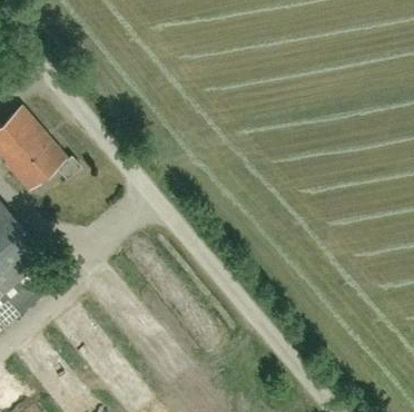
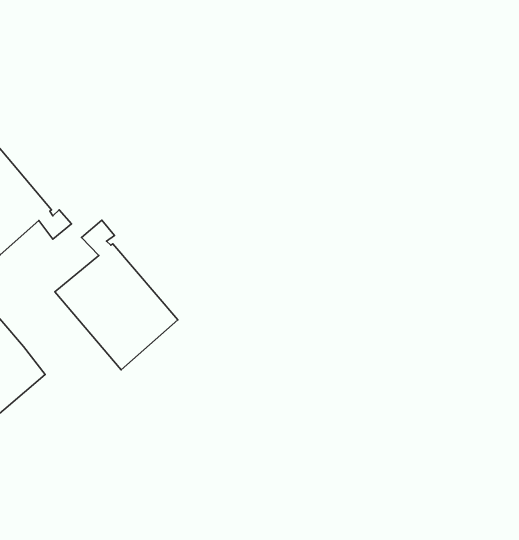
building: none -> [55,220,178,370]

